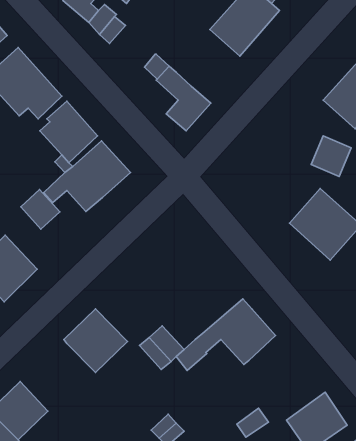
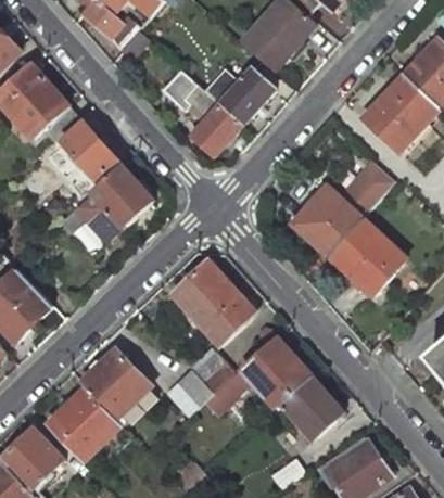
building: none -> [203,67,274,124]
building: none -> [292,186,360,255]
building: [21,189,60,229] -> none
building: none -> [175,263,249,343]
building: none -> [188,346,234,393]
building: none -> [282,378,342,438]
building: none -> [46,386,120,462]

